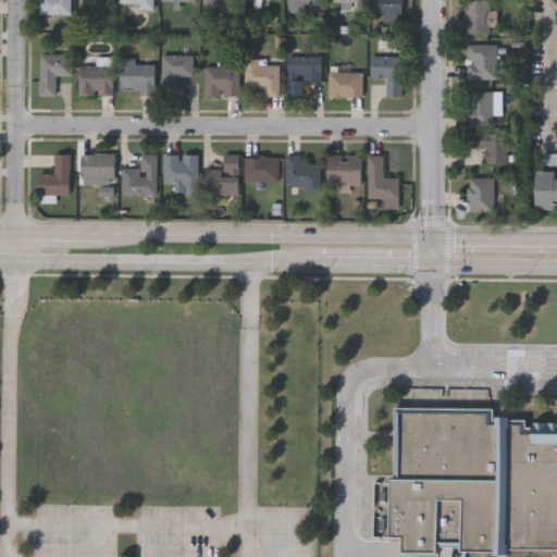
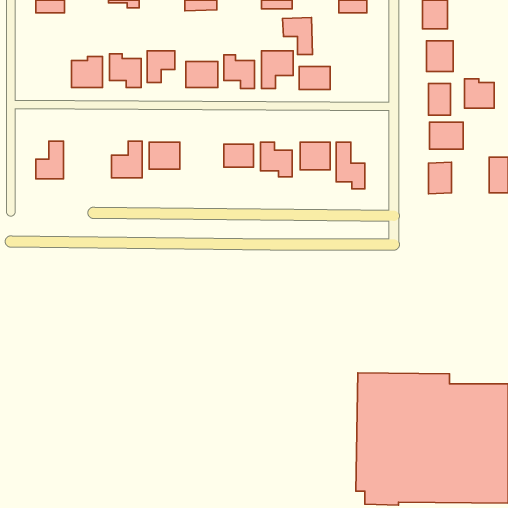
building: [39,54,72,96] -> none
building: [370,57,403,97] -> [283,18,312,54]
building: none -> [464,79,494,108]
building: [82,153,115,185] -> none
building: [206,156,238,196] -> none

